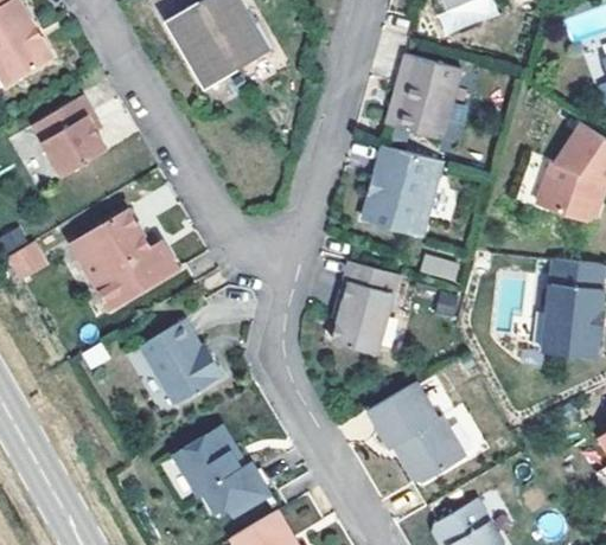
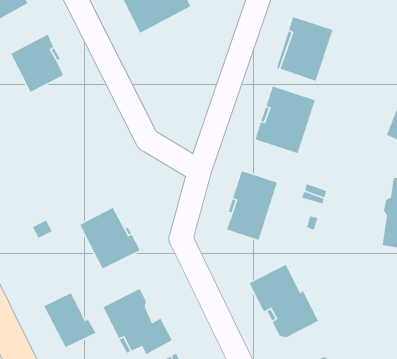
building: [69,211,174,309] -> none
building: none -> [43,292,96,348]

